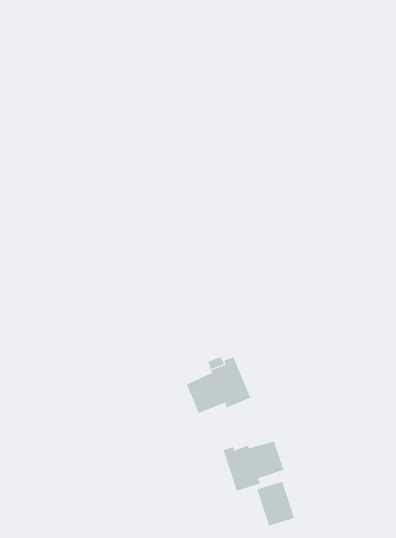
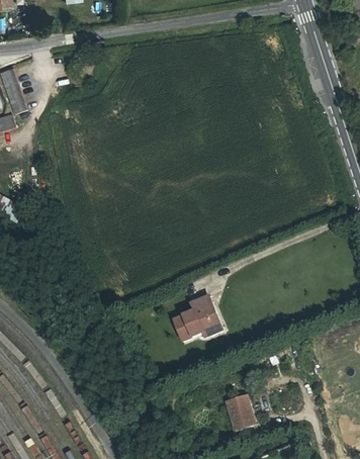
building: [223,441,284,492] -> none

